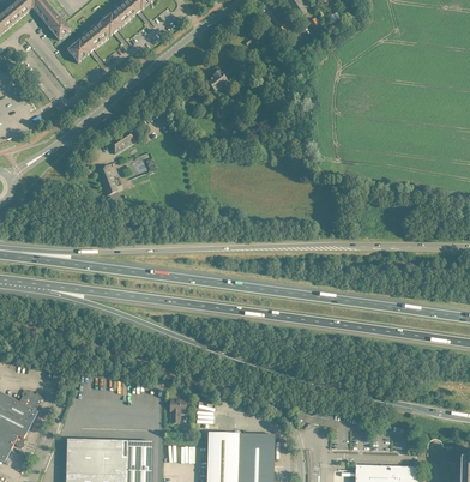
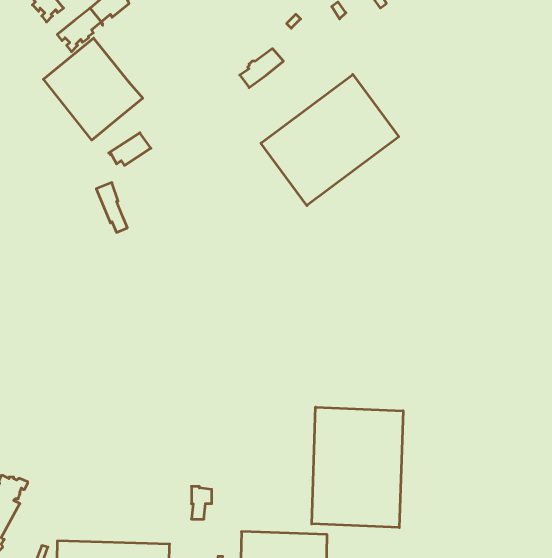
building: none -> [43,38,143,140]
building: none -> [261,74,399,206]
building: none -> [312,407,403,528]

